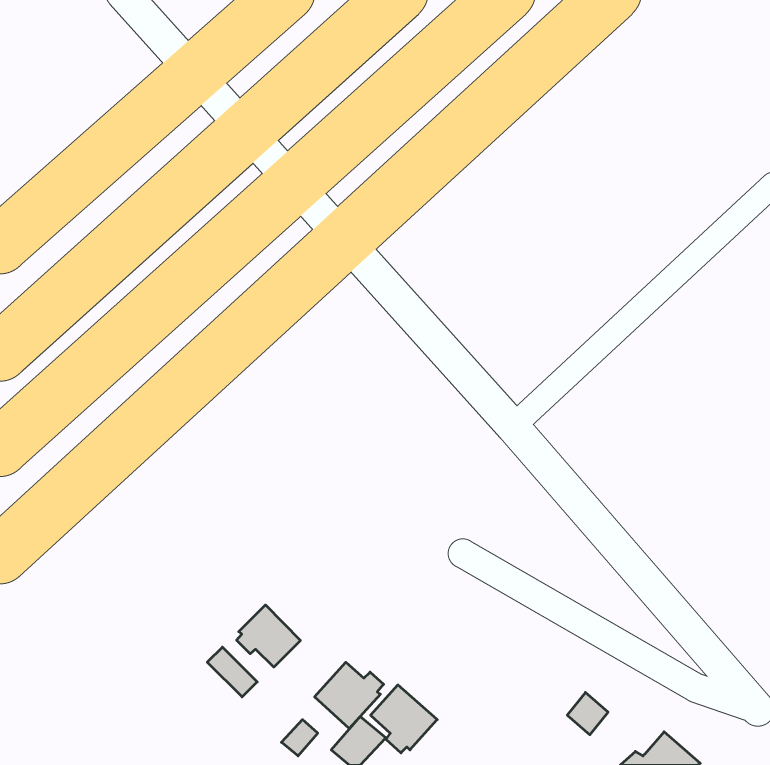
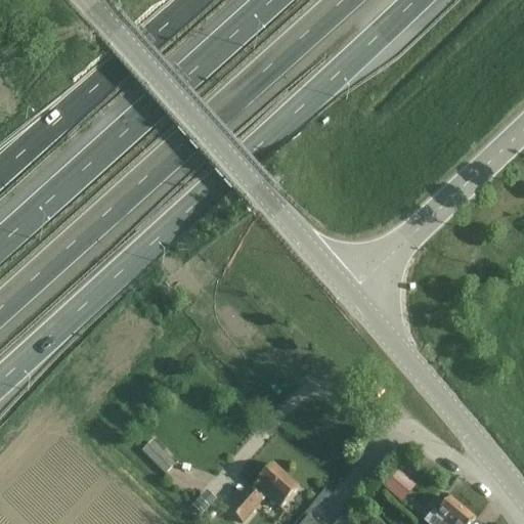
building: [237,605,300,667] -> none
building: [315,662,384,729] -> none

